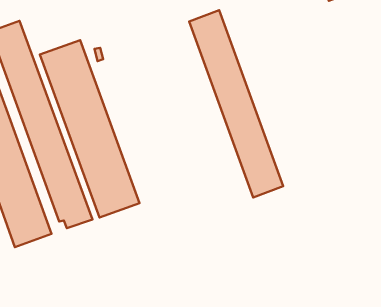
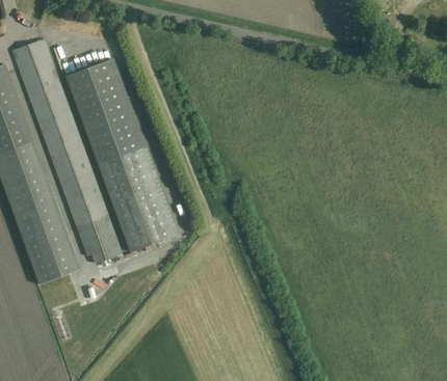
building: [189,10,283,197] -> none

